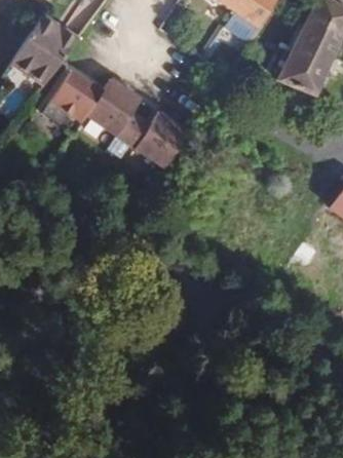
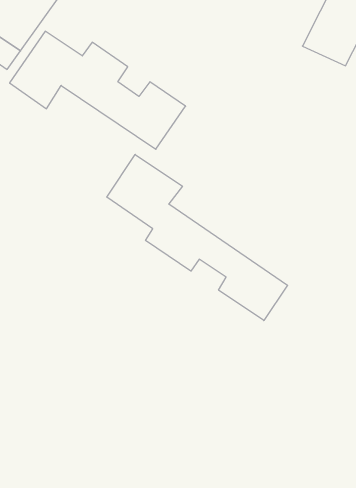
building: none -> [107,154,288,321]

